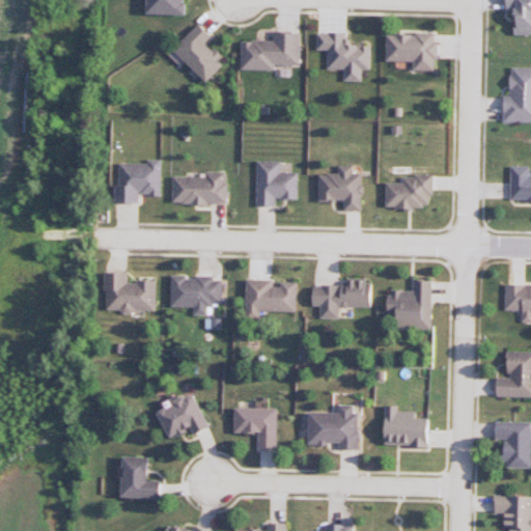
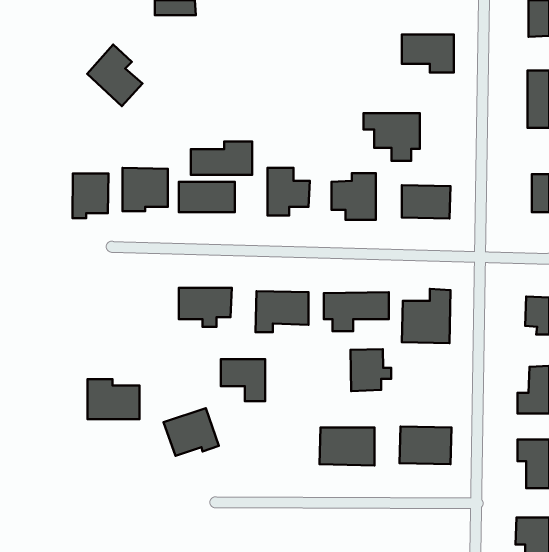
building: [174,24,227,83] -> [87,45,143,106]
building: [242,32,300,69] -> none
building: [315,37,369,83] -> [363,113,420,161]
building: none -> [191,142,252,175]
building: none -> [73,174,108,218]
building: [105,273,155,311] -> [88,379,140,419]
building: none -> [350,349,391,391]
building: [235,408,278,448] -> [221,359,265,401]
building: [122,456,162,498] -> none

